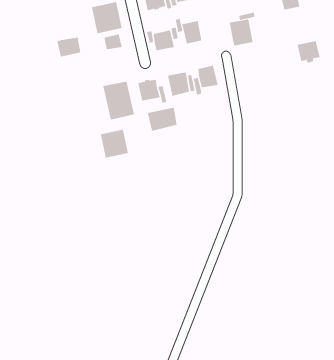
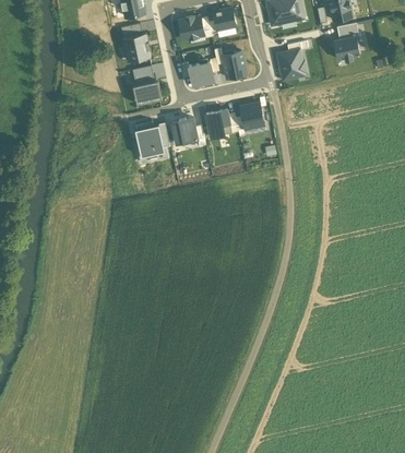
building: [56,36,81,57] -> [132,80,160,104]
building: [297,41,320,63] -> [333,35,360,61]
building: [147,107,177,131] -> none
building: [100,129,128,158] -> none

